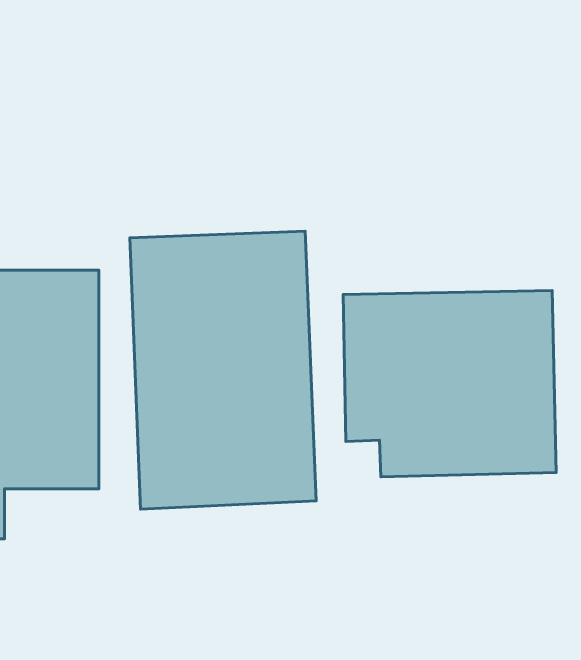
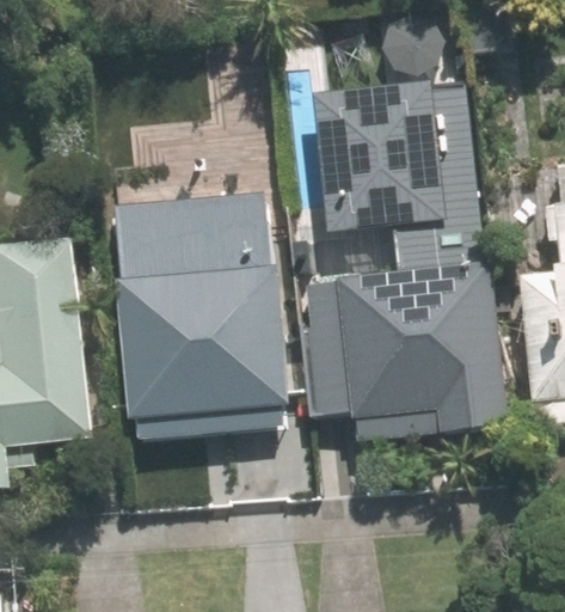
building: none -> [326,54,471,220]

